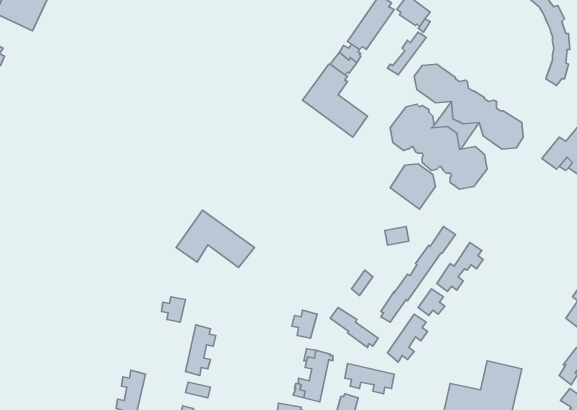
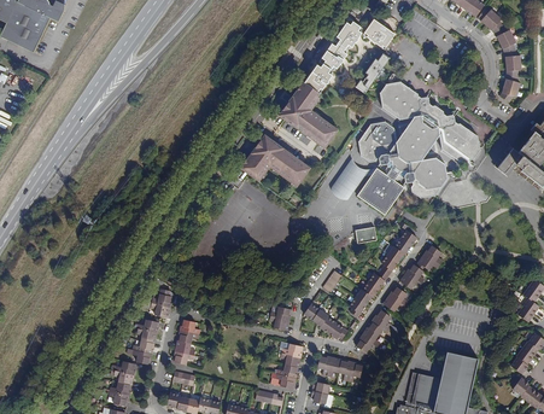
building: none -> [333,158,369,199]
building: [176,210,254,267] -> [240,134,311,186]
building: none -> [127,319,159,363]

